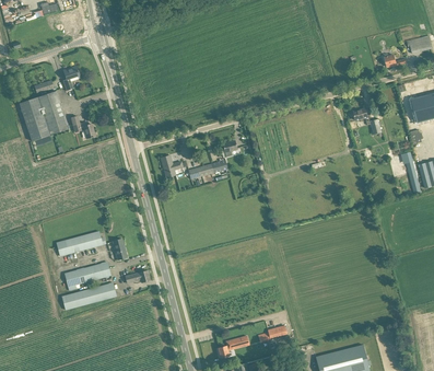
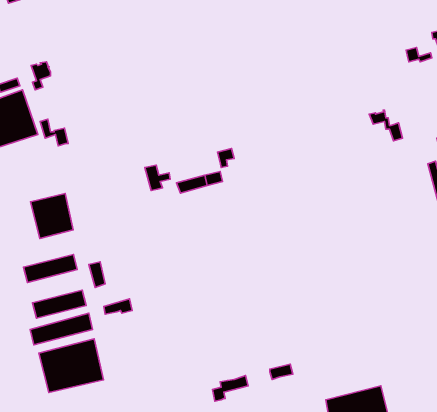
building: none -> [30,194,73,238]
building: none -> [39,339,104,393]

